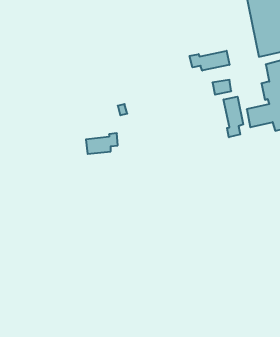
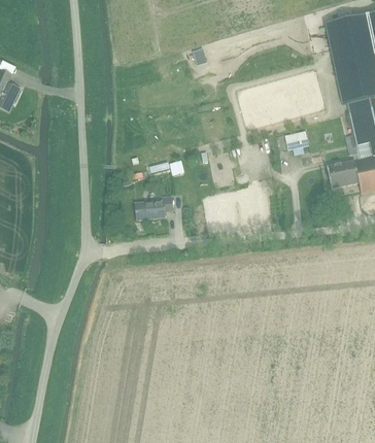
building: [190,51,229,71] -> none
building: [224,97,243,137] -> none

